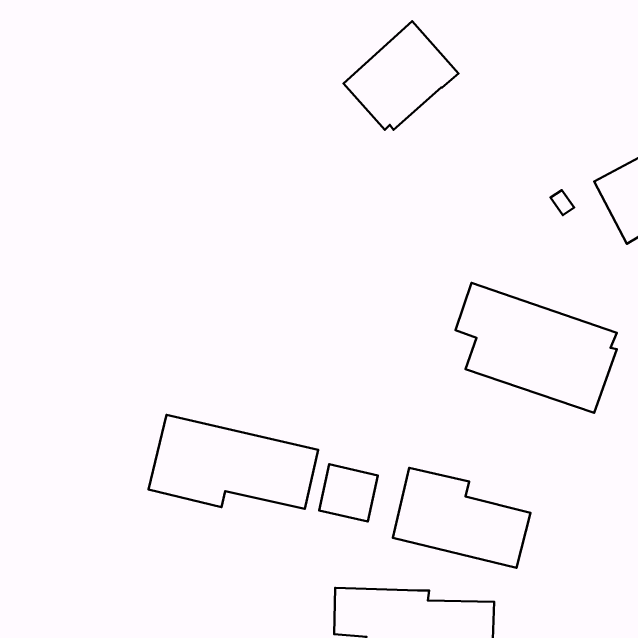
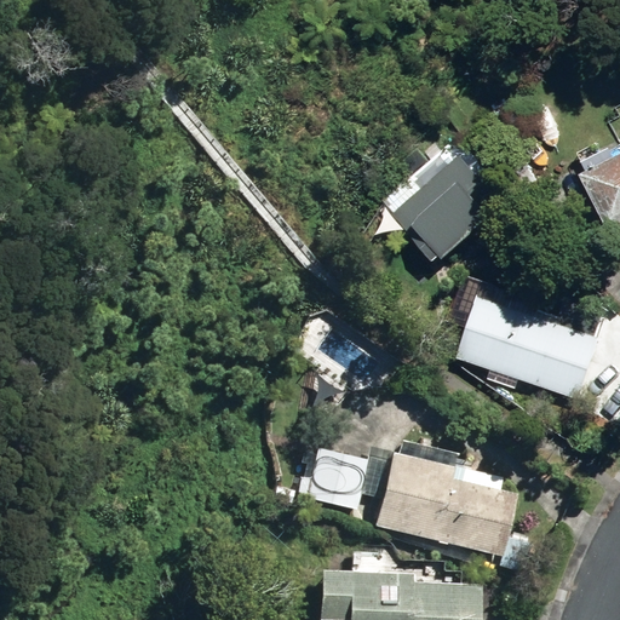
building: [343,21,459,130] -> [389,155,500,260]
building: [148,415,318,509] -> none

